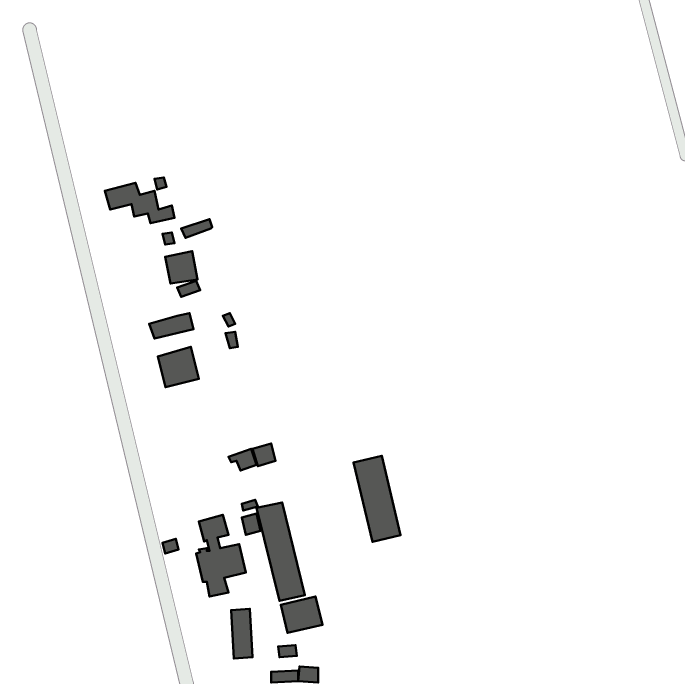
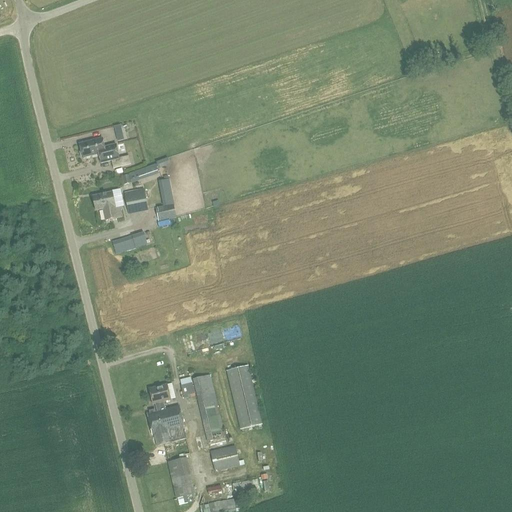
building: none -> [155,178,175,219]
building: none -> [92,190,121,219]
building: [158,347,199,387] -> none
building: [354,456,401,542] -> [226,365,261,429]

